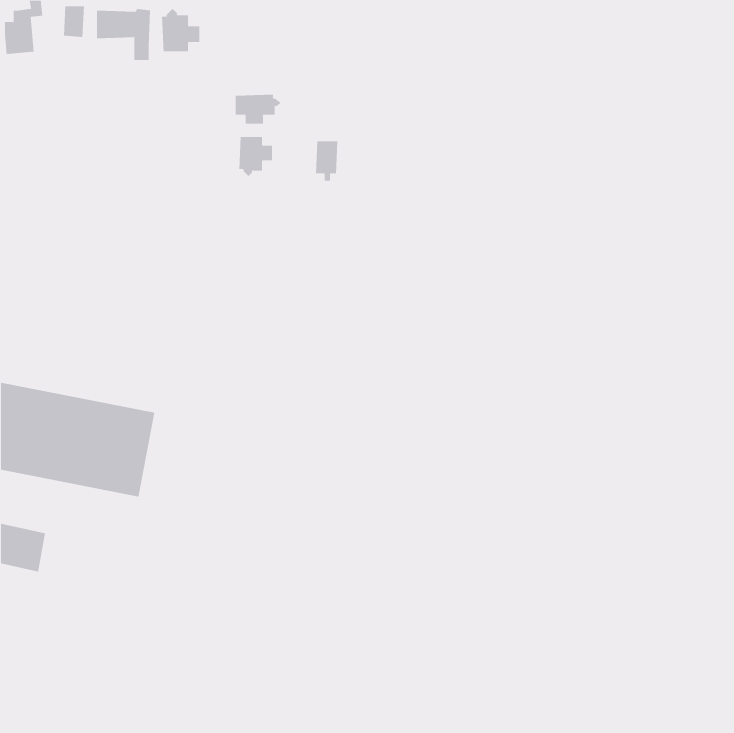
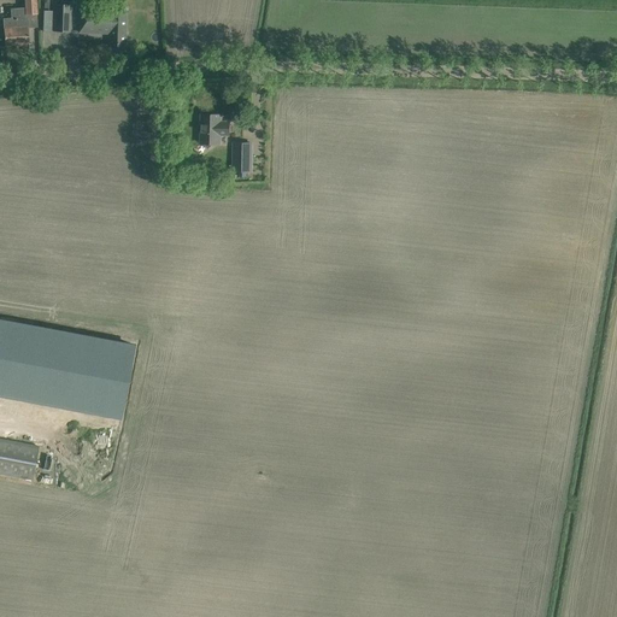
building: [161,8,200,52] -> none
building: [235,94,282,125] -> none
building: [315,141,338,181] -> [233,143,252,177]

